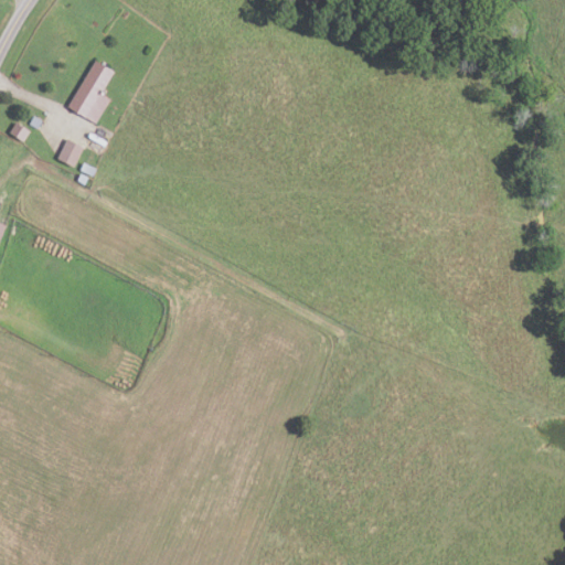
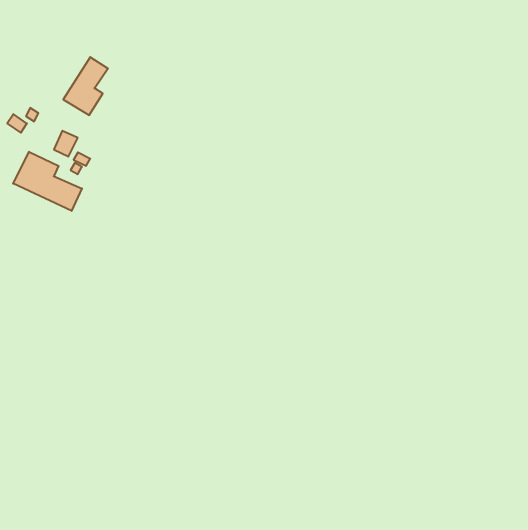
building: none -> [13,152,82,211]

